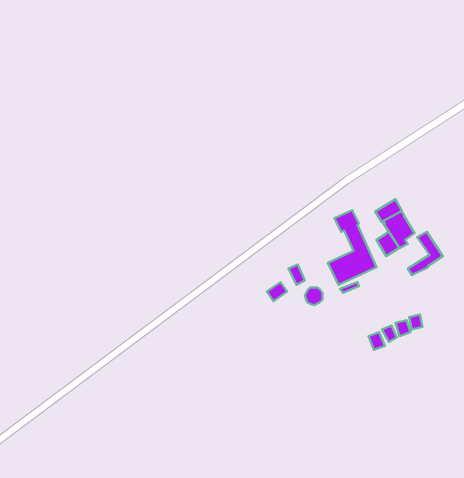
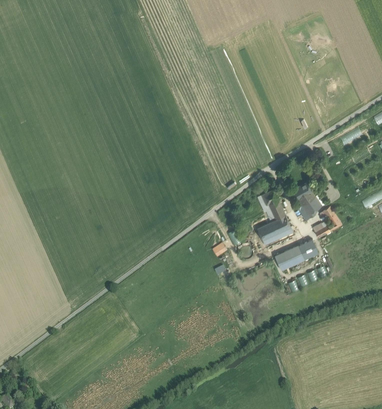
building: none -> [275,246,305,270]

